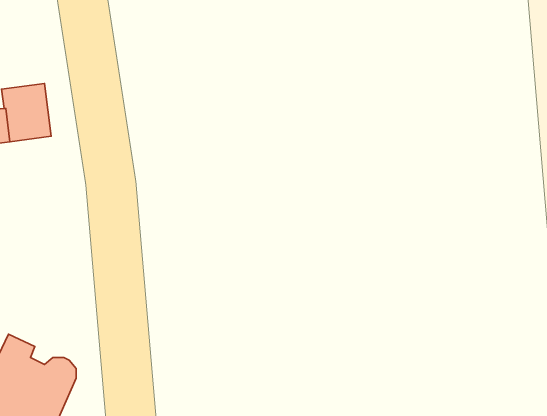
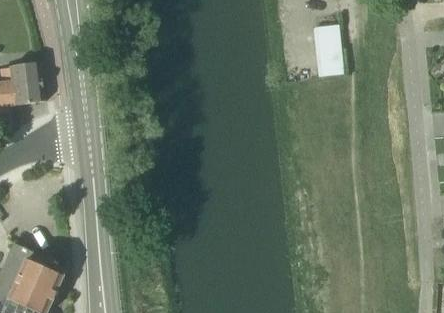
building: none -> [315,23,343,74]

